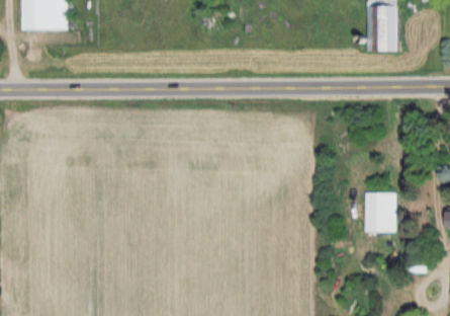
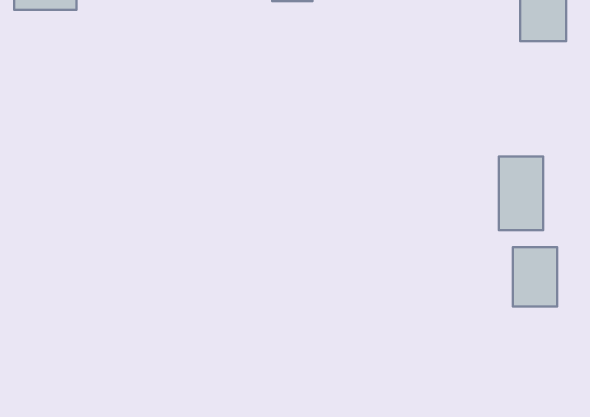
building: none -> [499,157,543,230]

